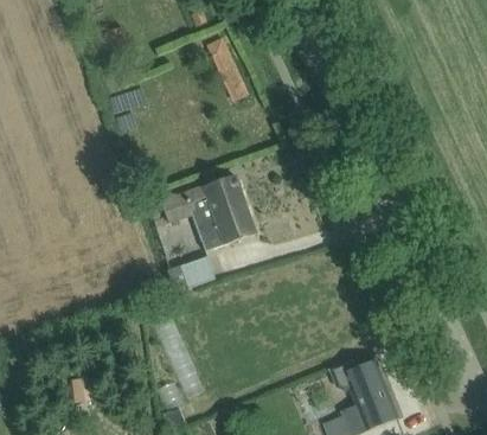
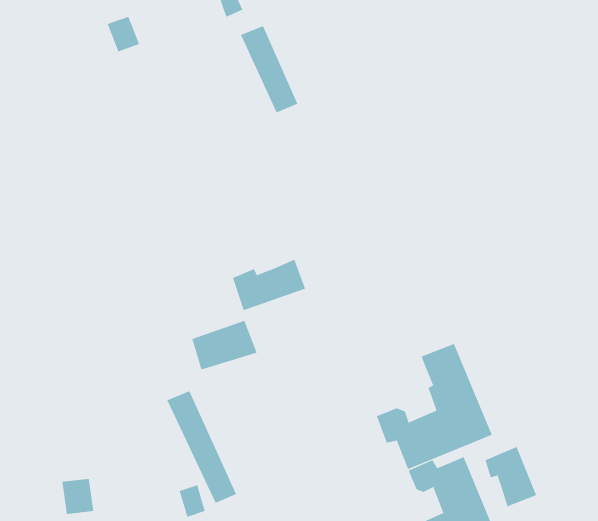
building: [161,175,246,225] -> none
building: none -> [376,343,492,470]
building: none -> [485,446,537,507]

